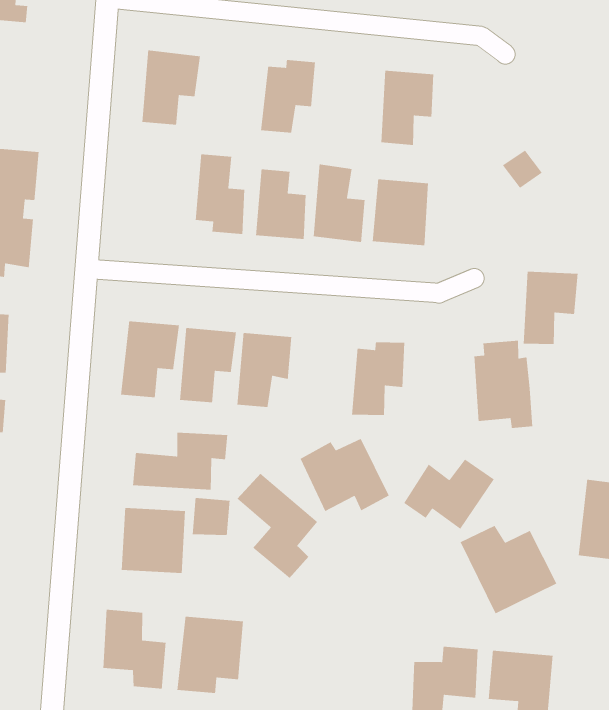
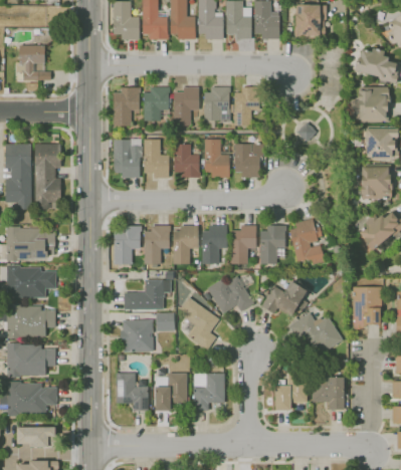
building: none -> [143,88,169,121]
building: none -> [203,87,230,122]
building: none -> [113,139,141,177]
building: [523,271,579,345] -> [259,226,285,264]
building: none -> [202,227,227,264]
building: none -> [193,373,224,410]

